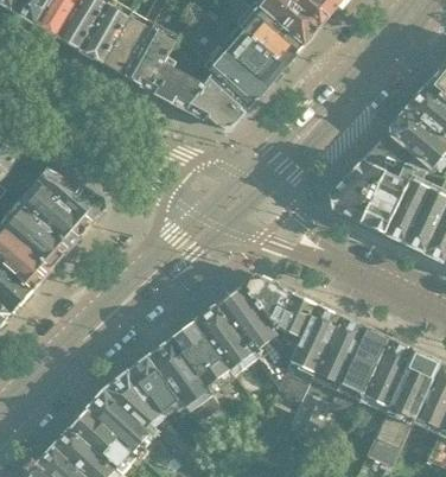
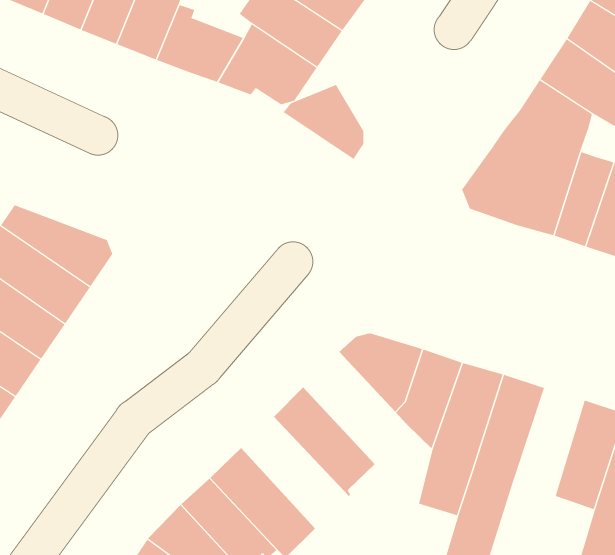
building: none -> [283,84,364,160]
building: [212,287,288,398] -> none
building: [168,323,232,396] -> none
building: [337,326,388,395] -> none

